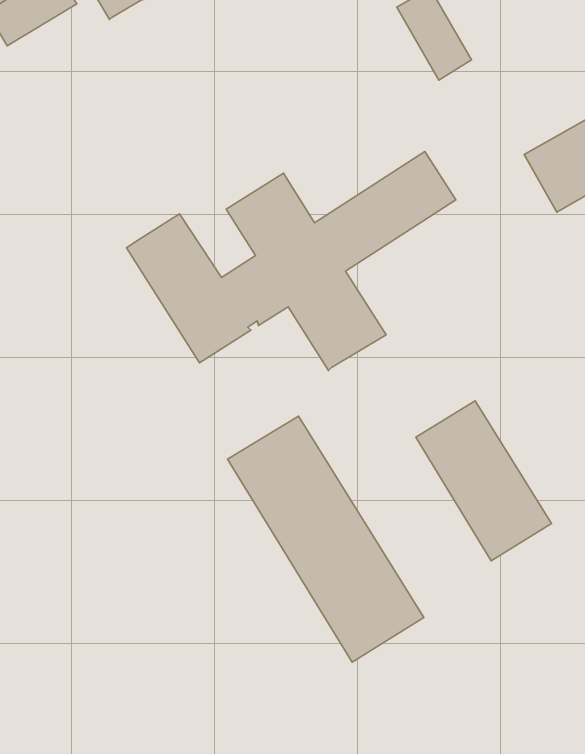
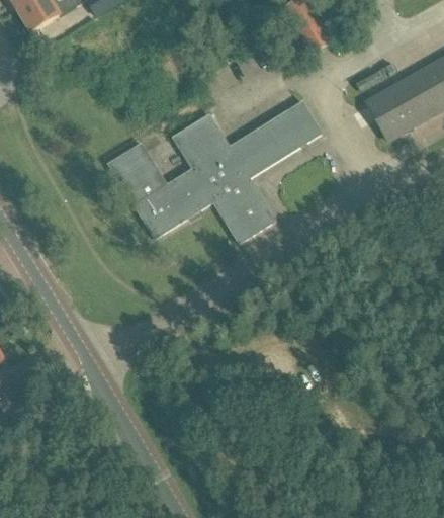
building: [416,401,551,561] -> none
building: [228,416,424,662] -> none

